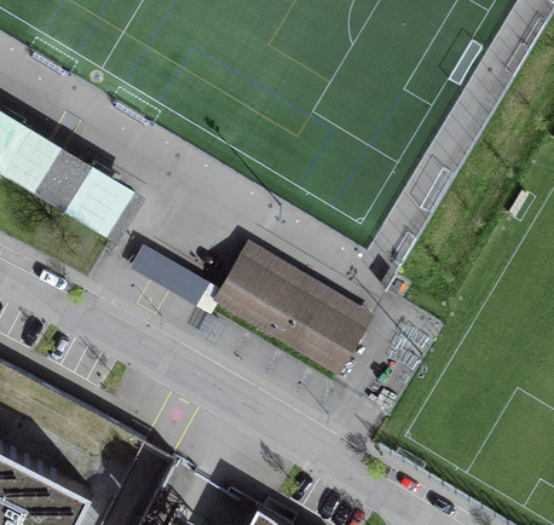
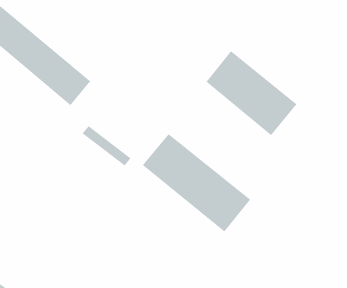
building: none -> [206,50,297,136]

